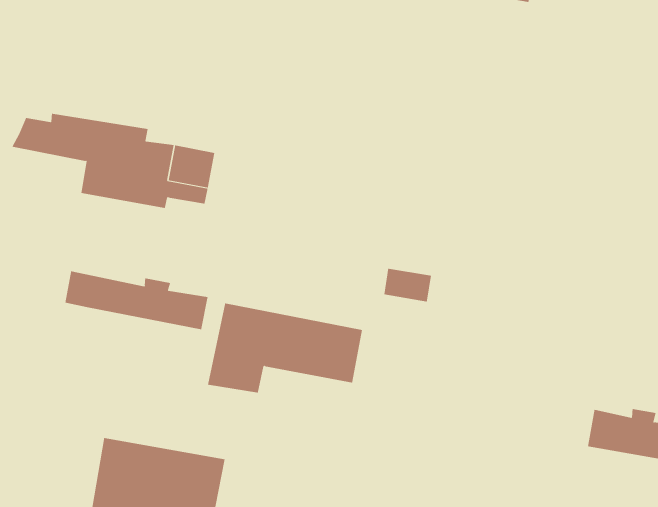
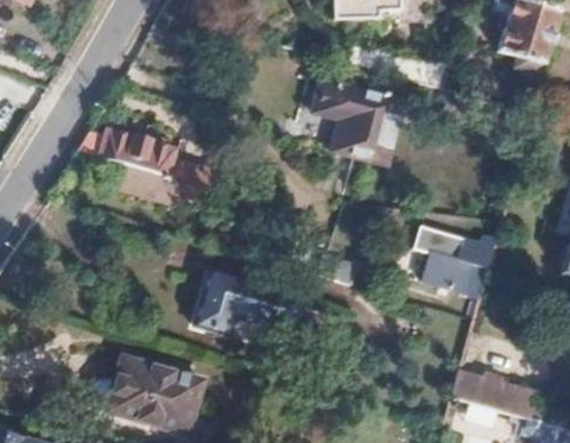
building: none -> [312,78,401,163]
building: none -> [414,228,495,304]
building: [65,271,208,330] -> none

